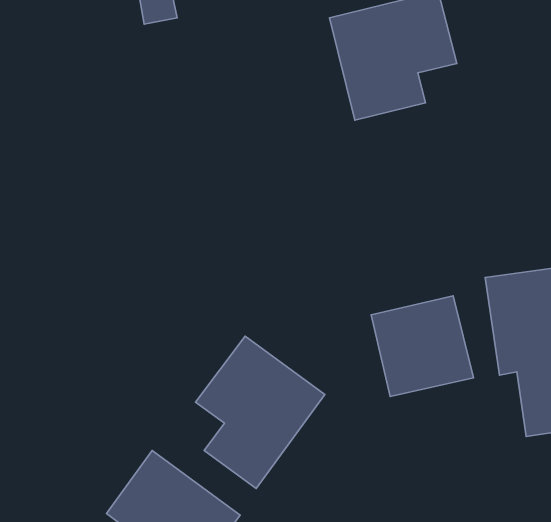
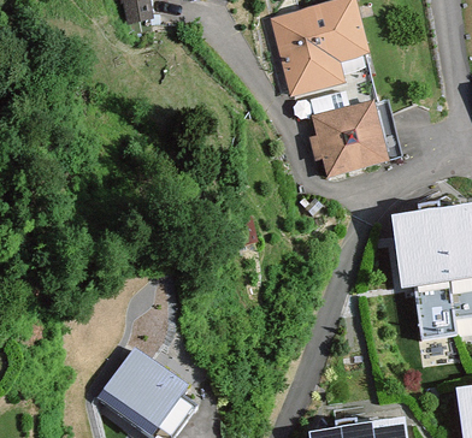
building: [371,296,473,397] -> [314,102,393,179]
building: [196,336,325,488] -> none

